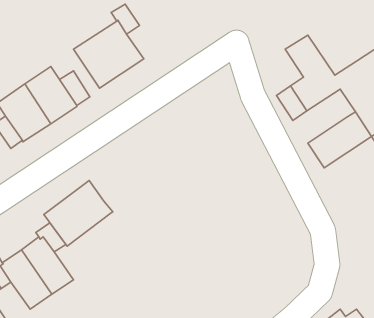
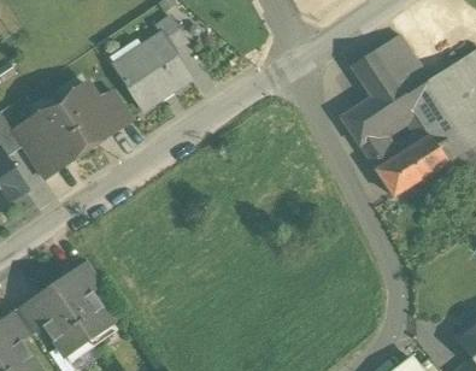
building: none -> [375,35,429,95]
building: none -> [358,135,418,171]
building: [44,180,113,246] -> none

